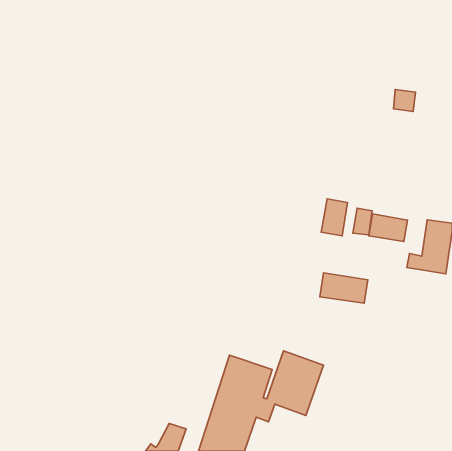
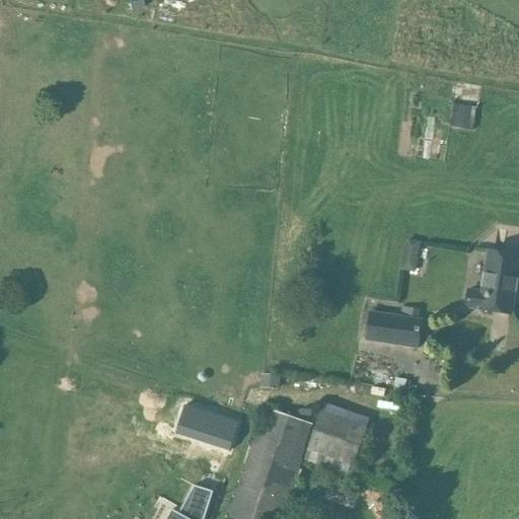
building: [321,199,347,236] -> none
building: [369,214,407,241] -> none
building: none -> [179,404,238,449]

